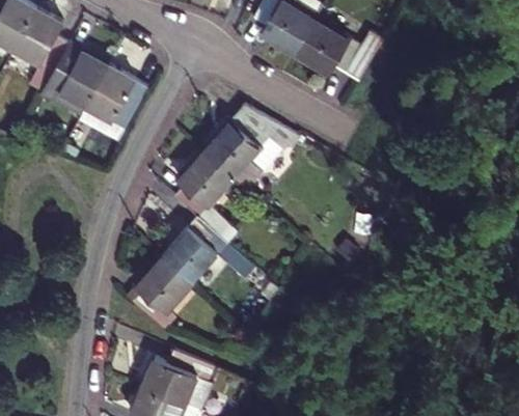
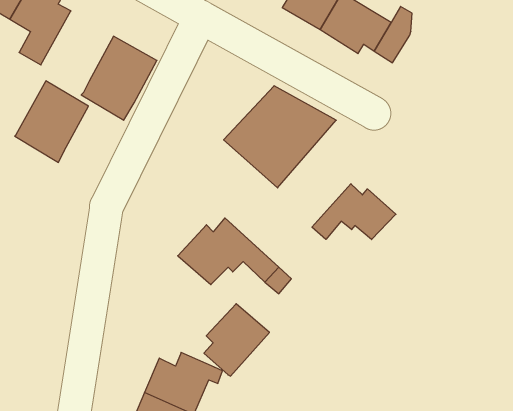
building: [38,38,105,112] -> [15,81,88,162]
building: [175,155,234,220] -> none
building: none -> [312,184,396,240]
building: [134,259,193,325] -> [204,304,269,376]

